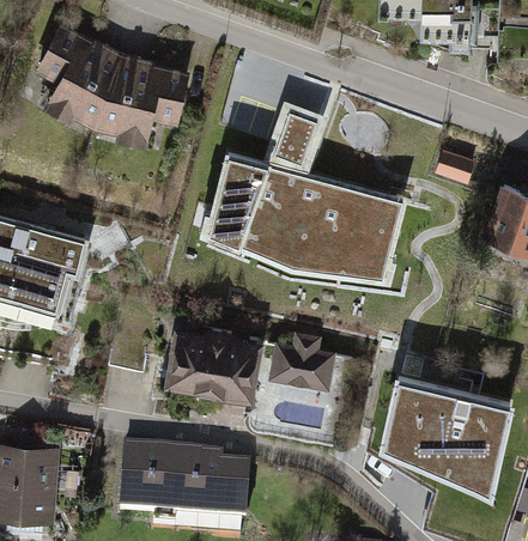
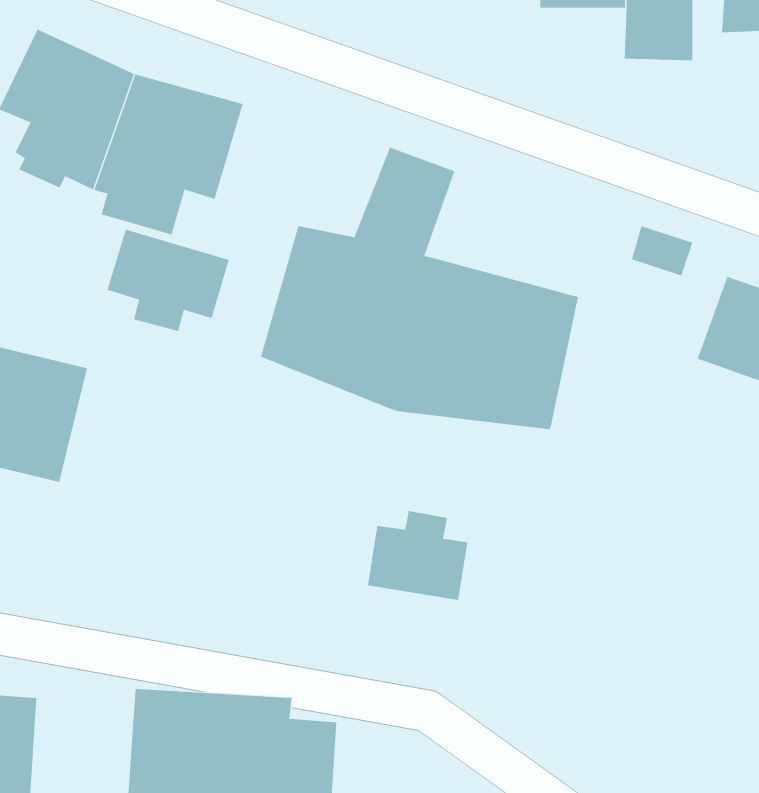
building: none -> [107,229,229,332]
building: [158,328,266,406] -> none
building: [377,377,512,500] -> none

